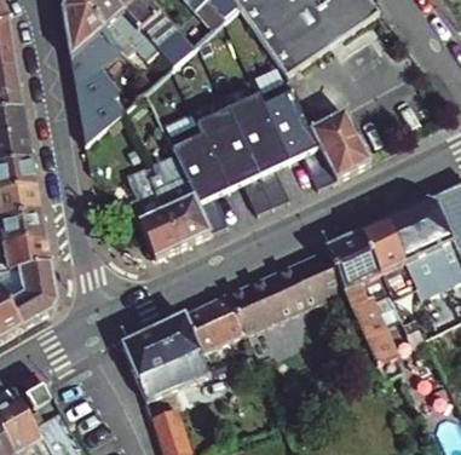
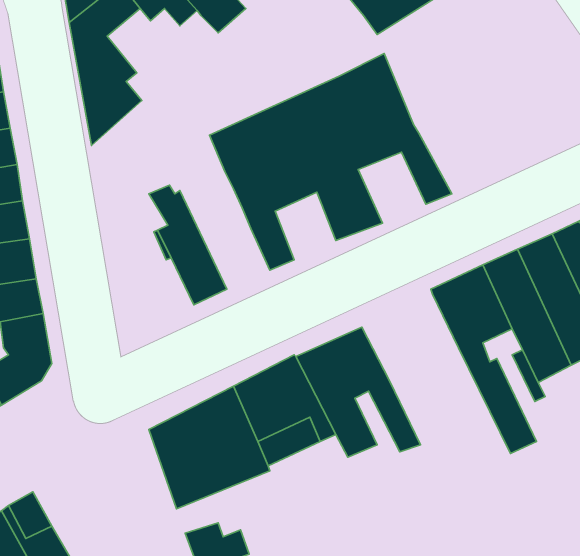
building: [310,105,382,179] -> none
building: [146,163,209,246] -> none
building: [273,249,341,310] -> none

